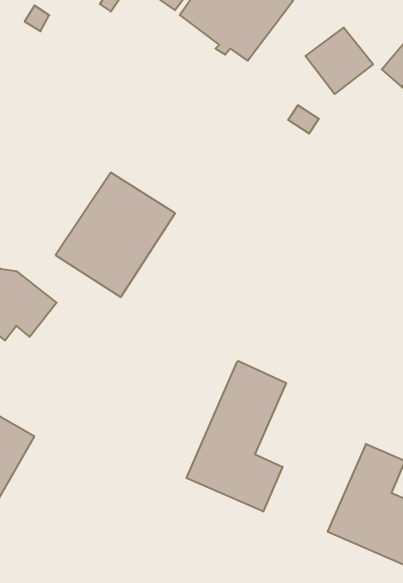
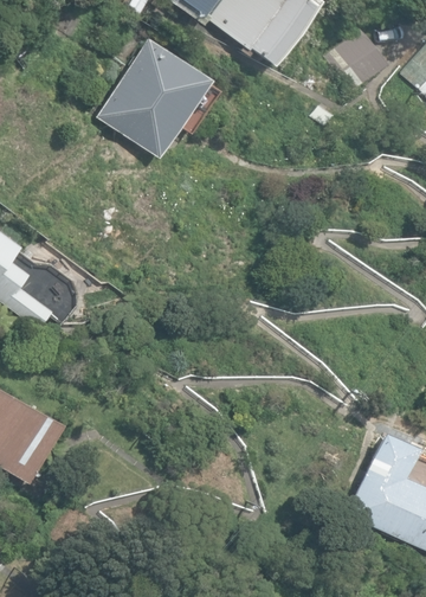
building: [56,173,175,297] -> [95,38,209,158]
building: [186,361,286,512] -> none

